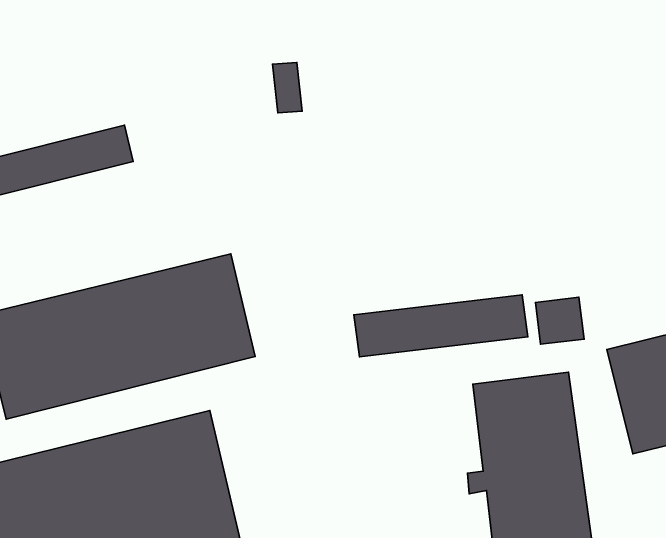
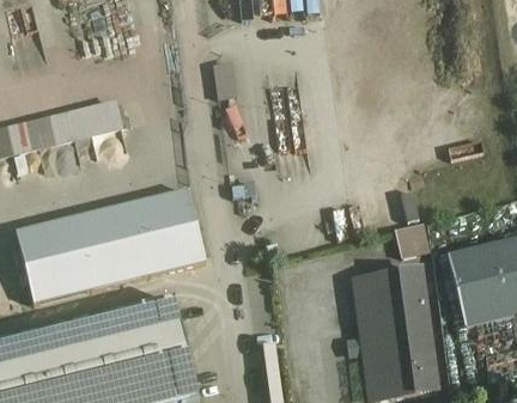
building: [354,295,528,357] -> none

